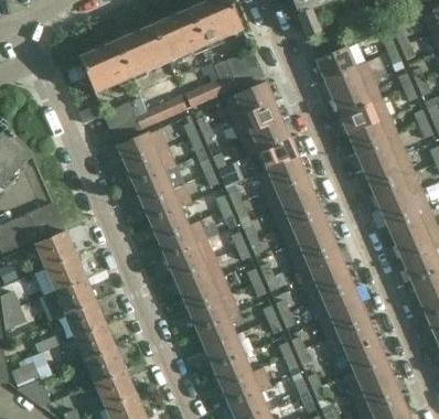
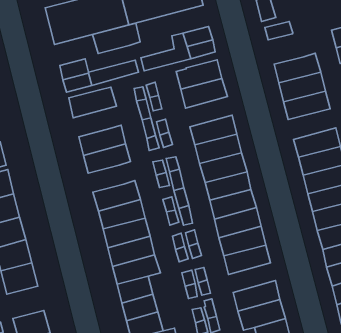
building: [317,46,355,78] -> none
building: [349,116,399,153] -> none
building: [240,119,290,157] -> none
building: [126,147,176,184] -> [92,23,140,54]
building: [150,207,189,239] -> none
building: [311,284,361,321] -> none
building: [85,345,126,383] -> none

